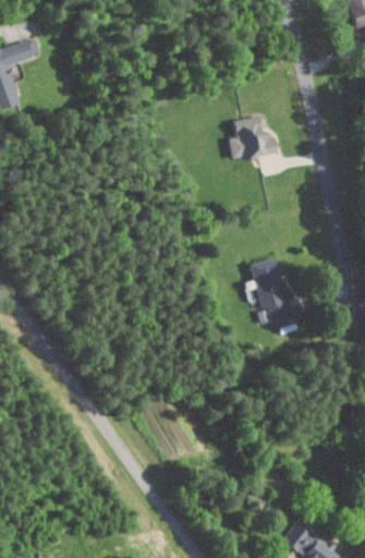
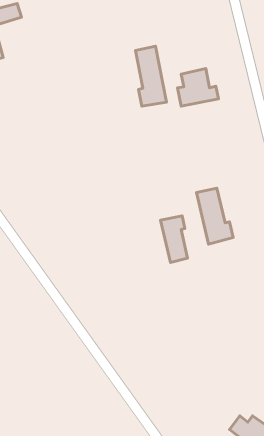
building: none -> [135,46,167,106]
building: none -> [161,216,188,262]

